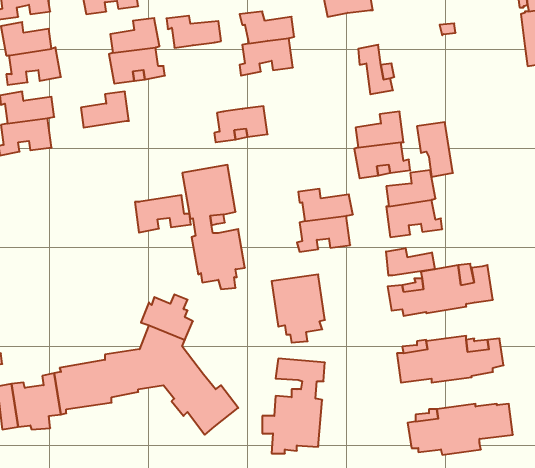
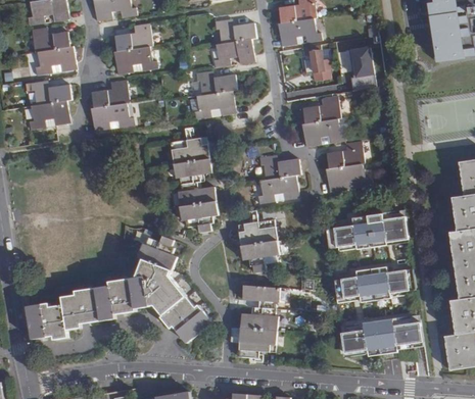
building: none -> [277,17,320,46]
building: [166,16,221,48] -> [194,70,236,95]
building: [417,122,453,177] -> [348,47,376,89]
building: [135,195,191,233] -> [90,102,133,131]
building: [386,248,435,276] -> none

